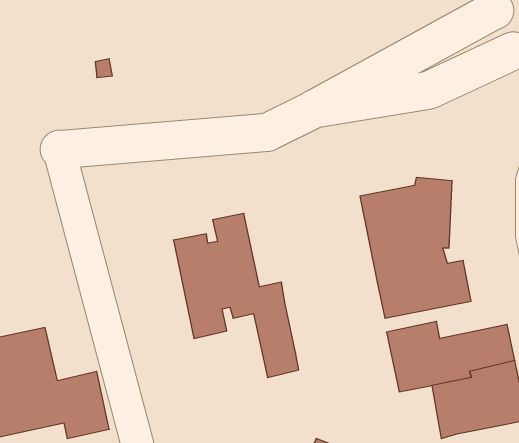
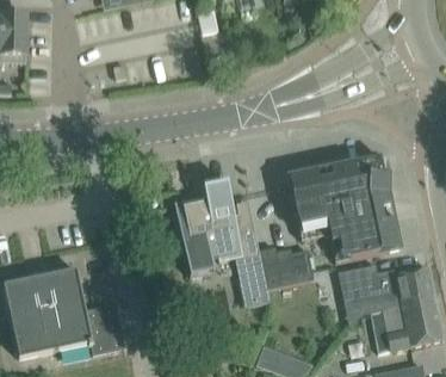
building: none -> [286,168,328,240]
building: none -> [258,246,312,288]

